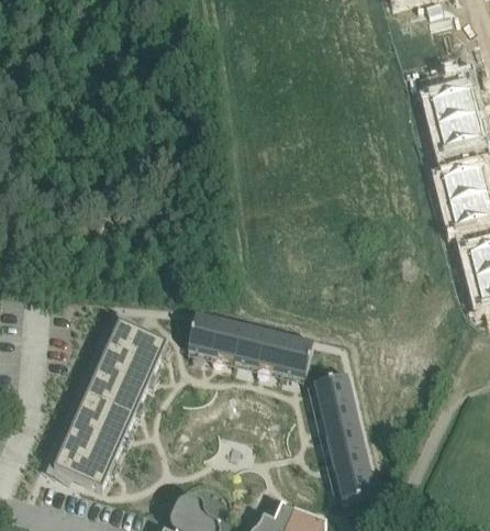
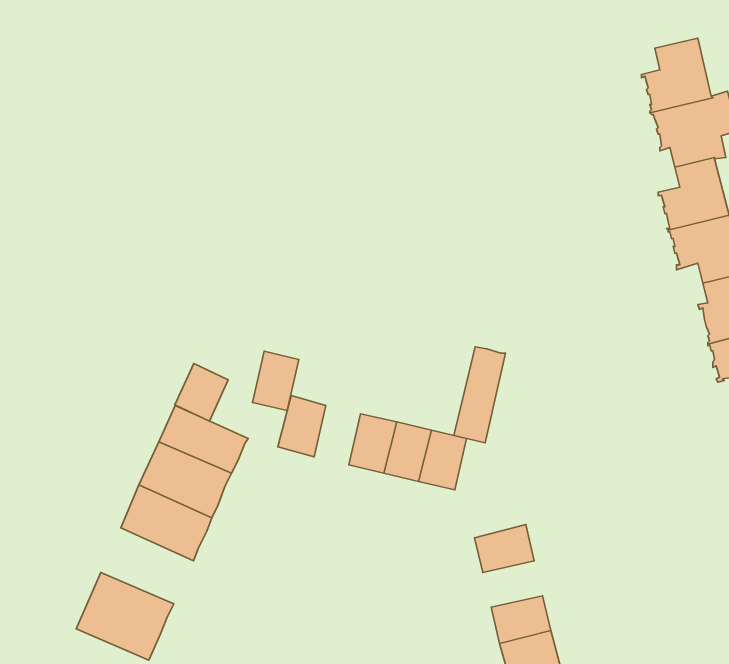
building: none -> [454,347,506,443]
building: none -> [175,363,228,421]
building: [211,319,242,358] -> [252,351,299,411]
building: [312,375,352,407] -> none
building: [69,400,131,451] -> none
building: [323,422,363,453] -> none

